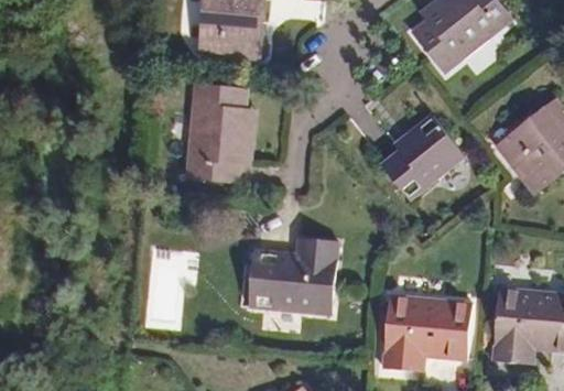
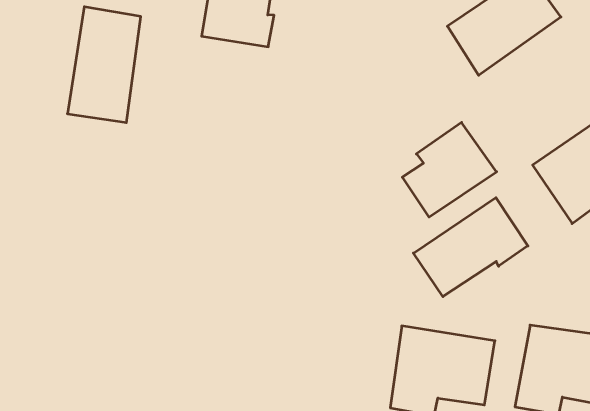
building: [187,83,246,181] -> [67,7,141,123]
building: none -> [413,198,528,297]
building: [249,238,336,314] -> none

